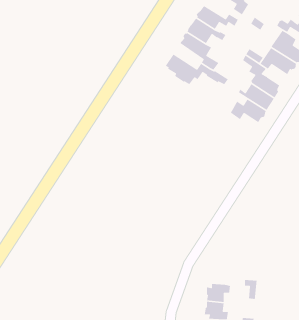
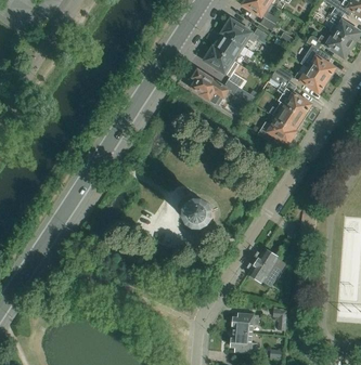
building: none -> [182,198,212,230]
building: none -> [247,249,280,287]

